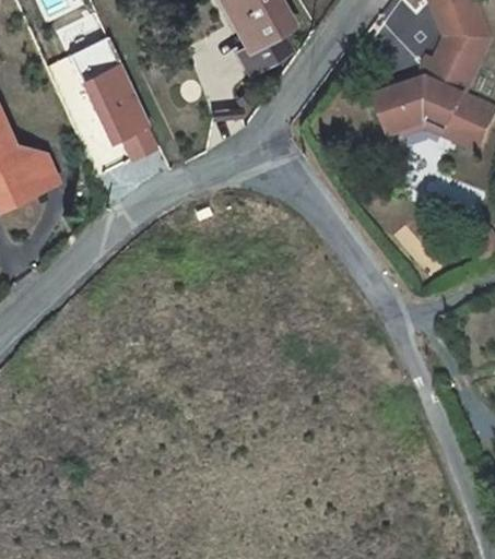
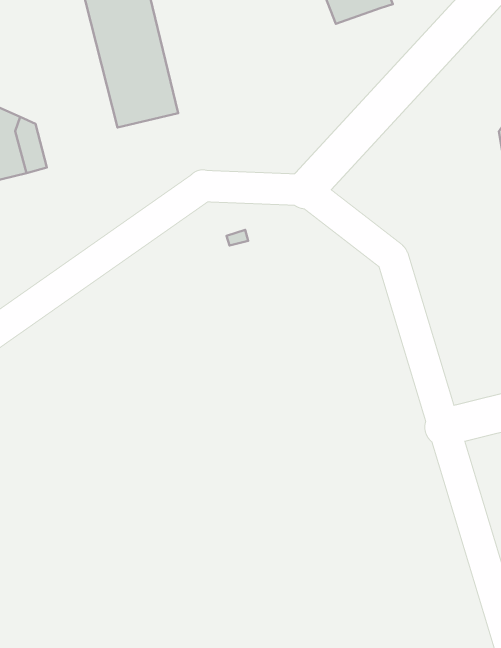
building: [241,29,293,72] -> none

